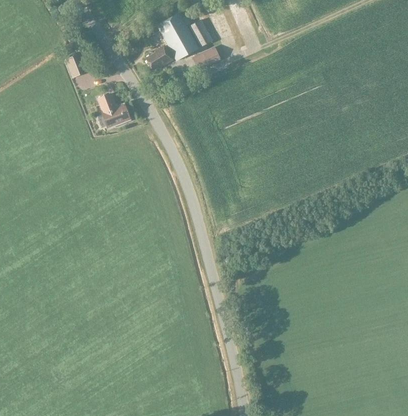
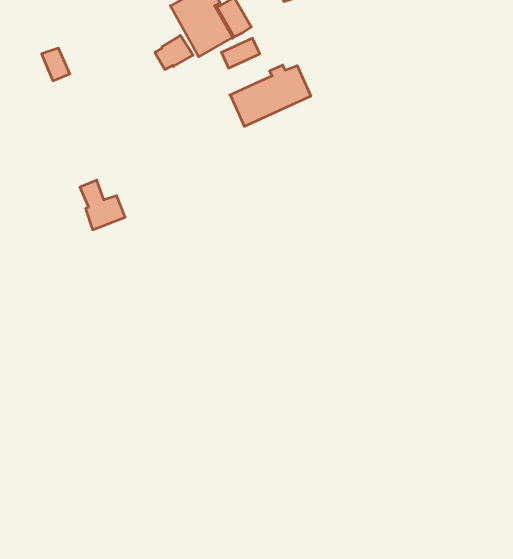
building: none -> [230,65,311,126]
building: [99,92,131,127] -> [80,180,125,230]

